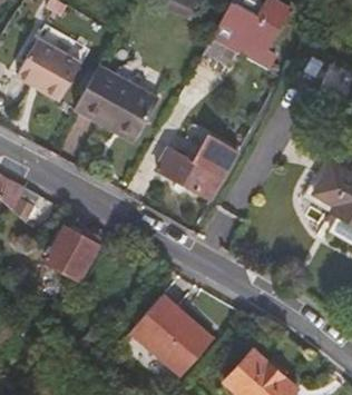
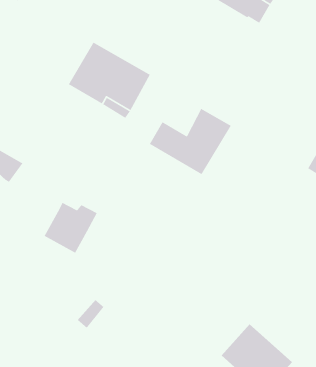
building: [14,39,78,98] -> none
building: [134,290,215,372] -> none

